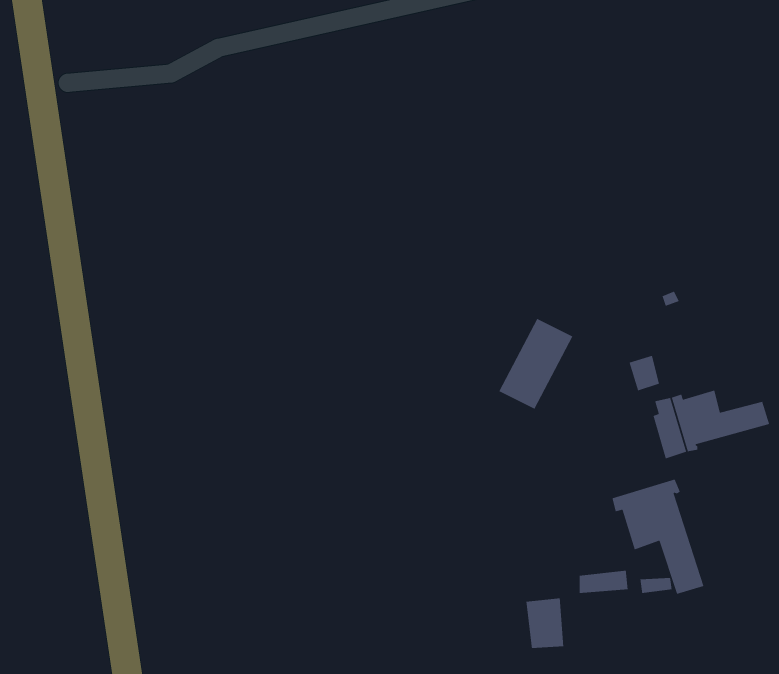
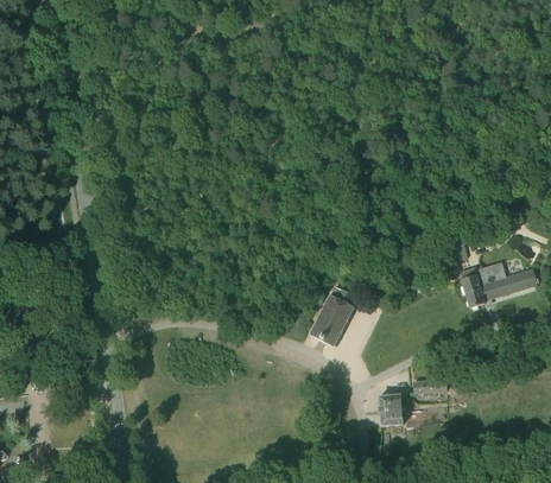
building: [498,318,573,410] -> [310,287,359,347]
building: [611,479,704,595] -> none

